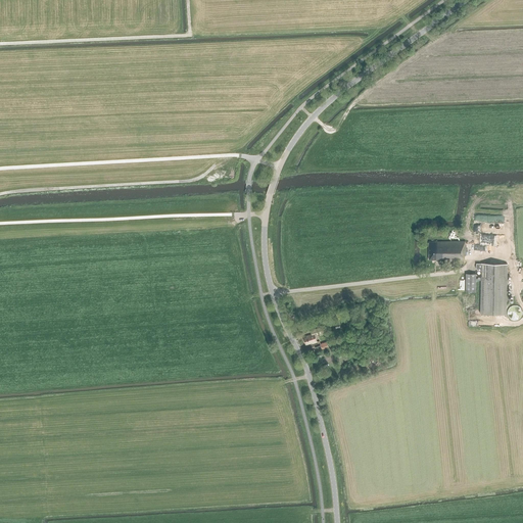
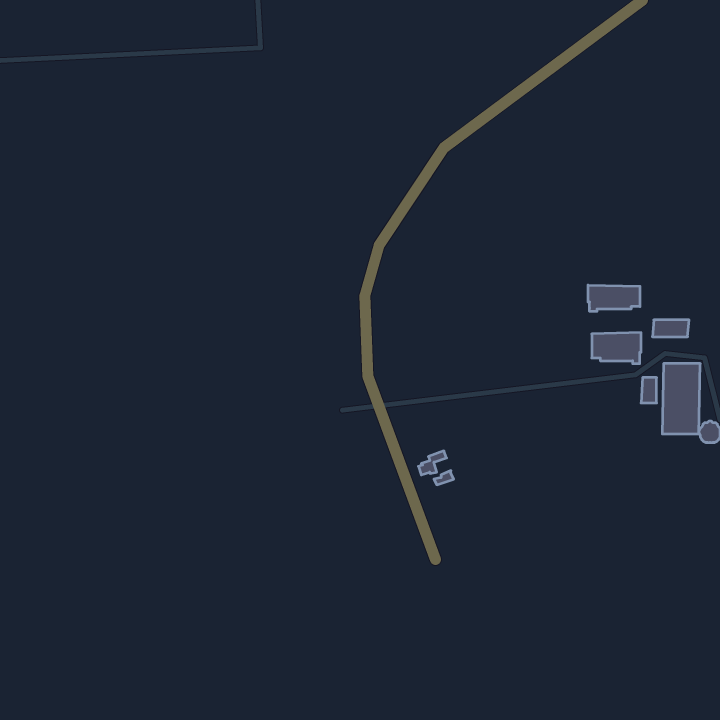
building: none -> [588,285,640,311]

